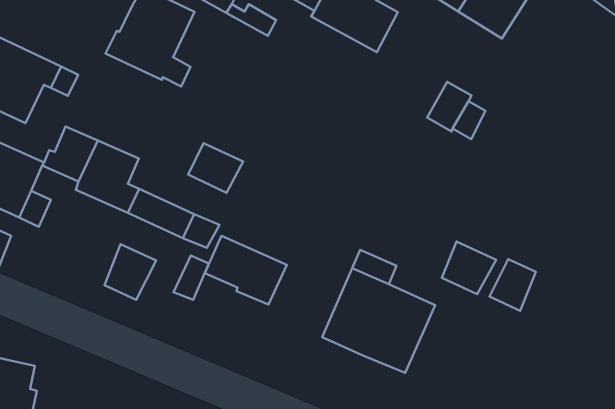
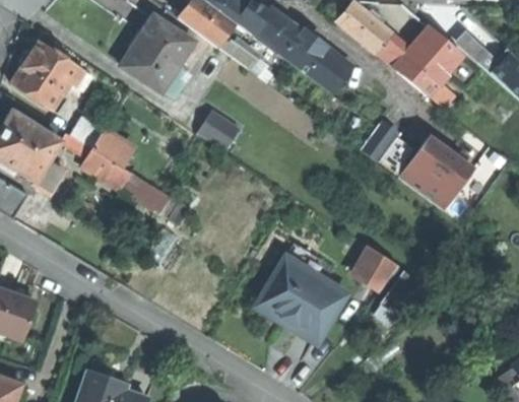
building: none -> [399,136,473,210]
building: [188,143,243,193] -> [197,110,241,150]
building: [205,236,287,305] -> none
building: [104,244,156,300] -> none
building: [489,259,536,311] -> none

